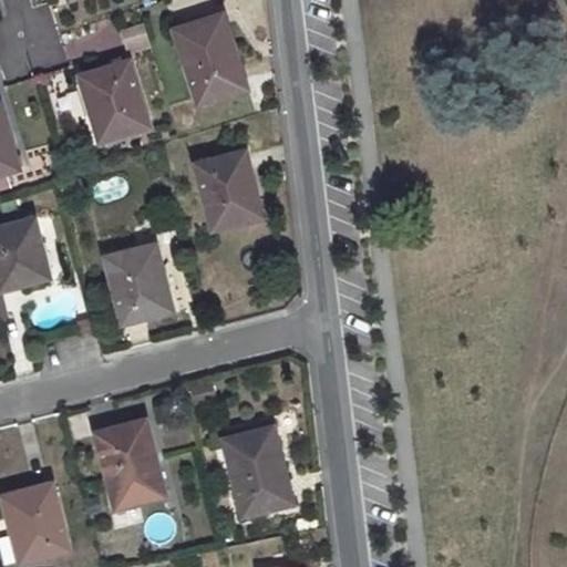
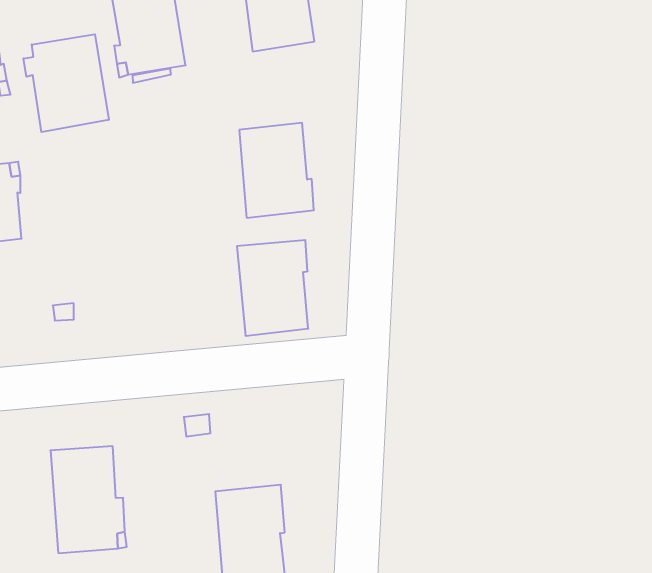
building: none -> [23,34,109,132]
building: [105,245,169,324] -> [237,240,308,336]

